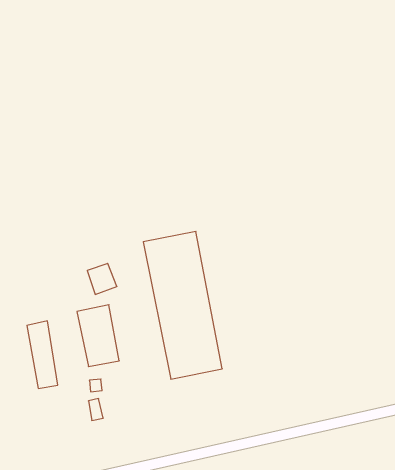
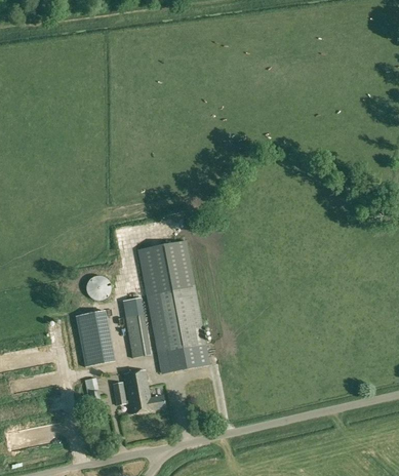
building: [27,321,58,388] -> [121,299,149,359]
building: none -> [111,371,163,415]

